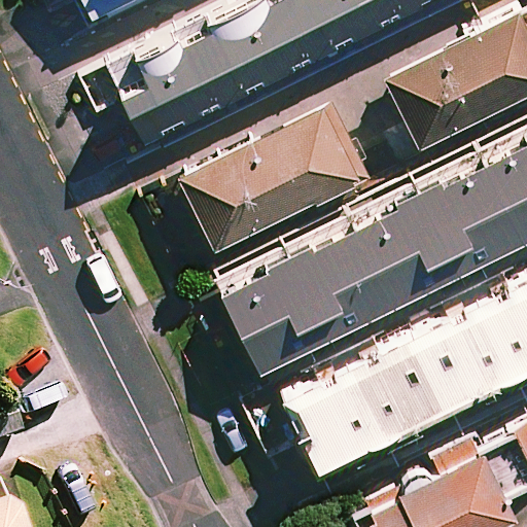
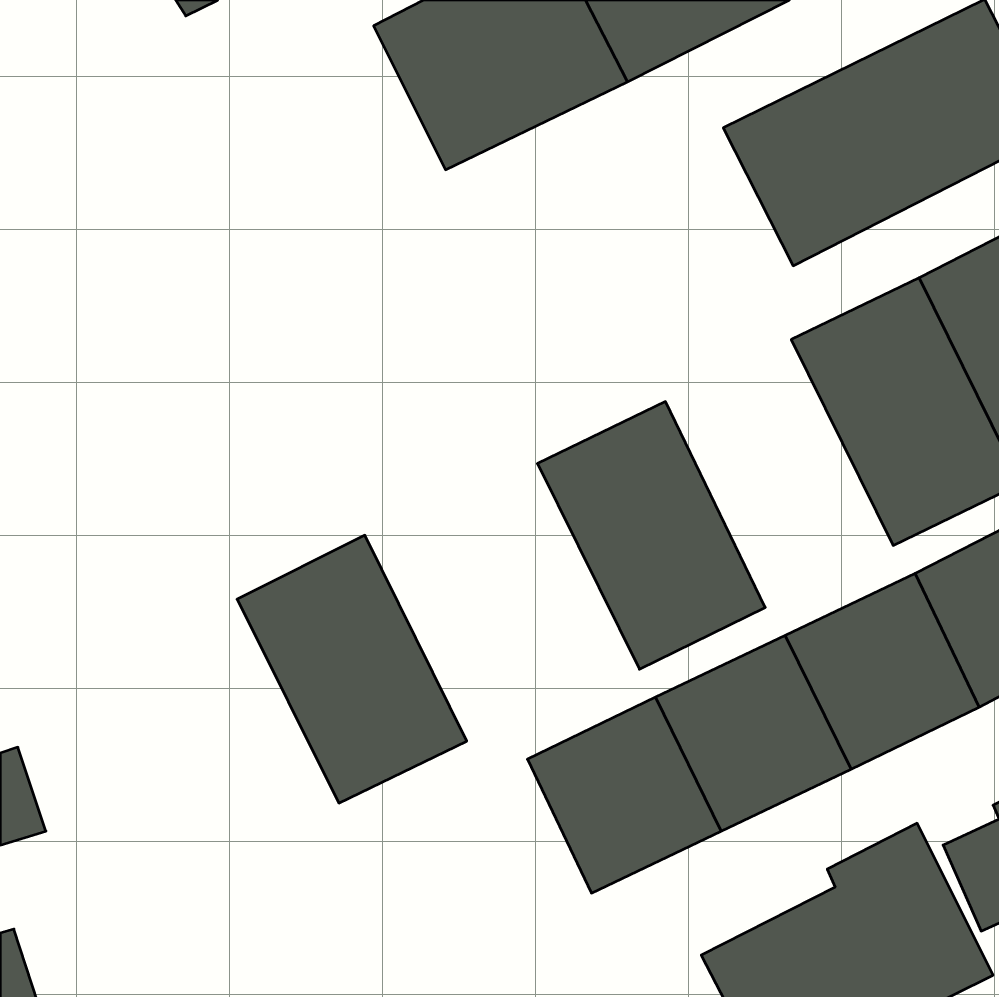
building: [111,26,241,146] -> none
building: [178,106,360,253] -> none
building: [354,187,471,325] -> none
building: [222,251,341,389] -> [237,535,467,803]

